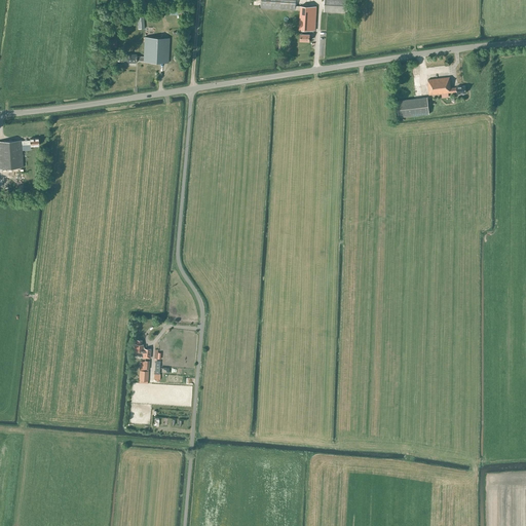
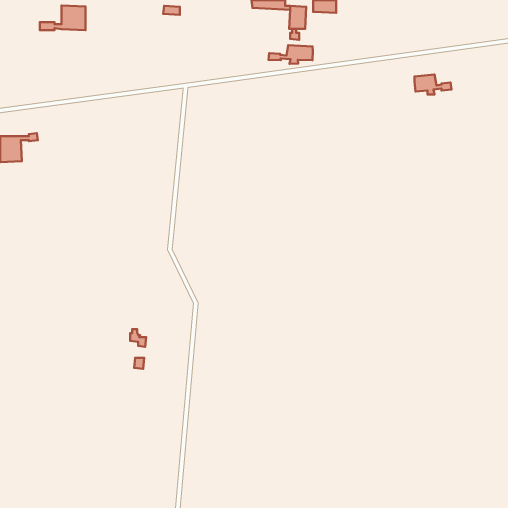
building: [121,37,168,63] -> [40,5,85,30]
building: none -> [268,45,313,64]
building: [398,97,429,117] -> none

